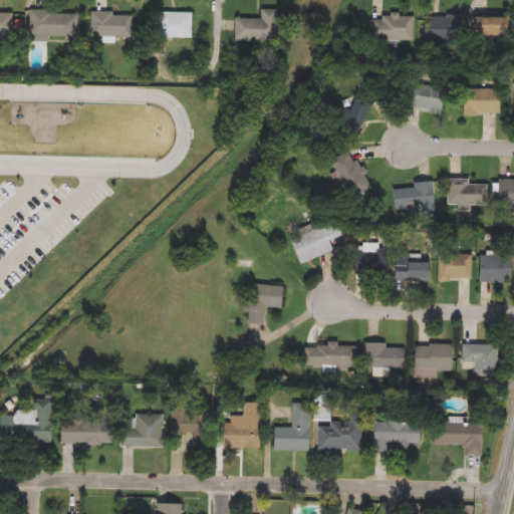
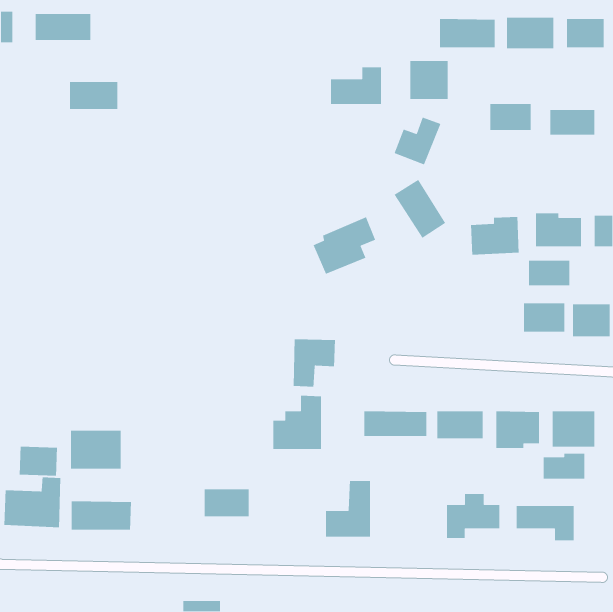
building: [234,8,277,40] -> [330,67,382,105]
building: [90,12,132,36] -> [69,81,118,110]
building: [151,13,190,36] -> none
building: none -> [410,60,448,100]
building: [288,215,341,264] -> [312,216,376,275]
building: [354,243,387,274] -> none
building: [394,258,429,280] -> [528,260,570,286]
building: none -> [19,446,58,476]
building: none -> [543,453,585,479]
building: [220,402,261,448] -> [273,395,322,450]
building: [316,403,361,450] -> none
building: [119,414,163,447] -> [70,430,122,470]

